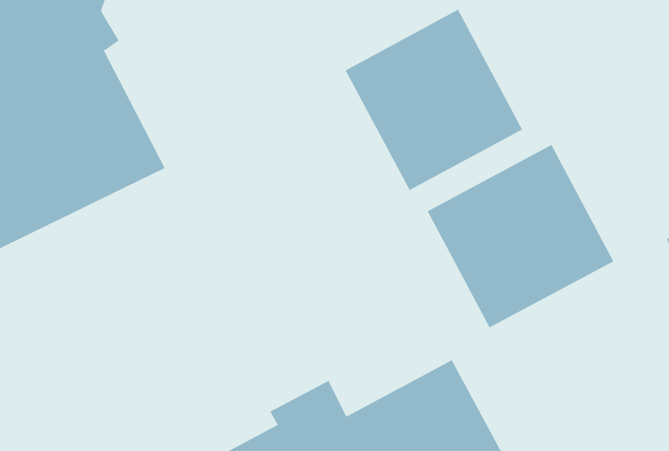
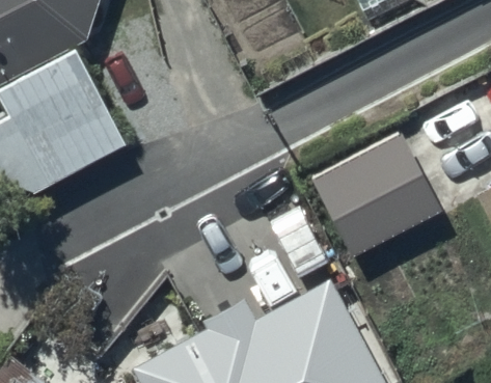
building: [345,9,523,191] -> none

